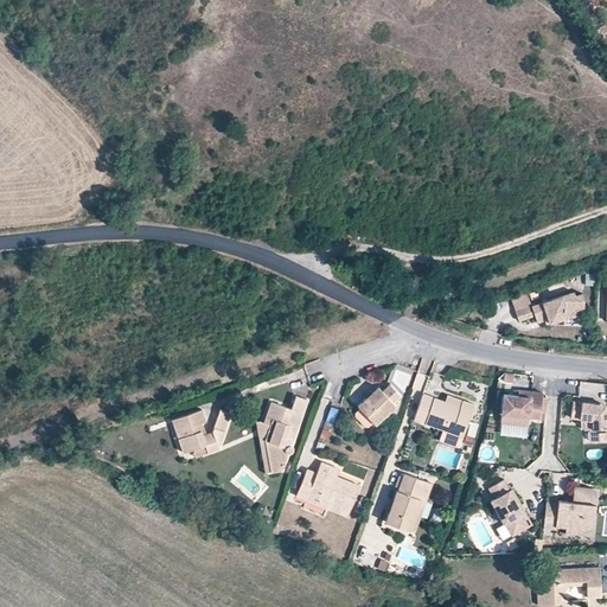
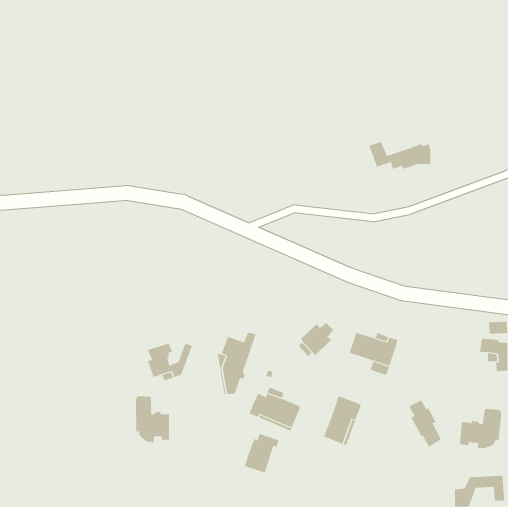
building: [510,292,584,325] -> [368,142,431,169]
building: [501,391,544,426] -> none
building: none -> [136,396,170,443]
building: none -> [244,433,279,474]

